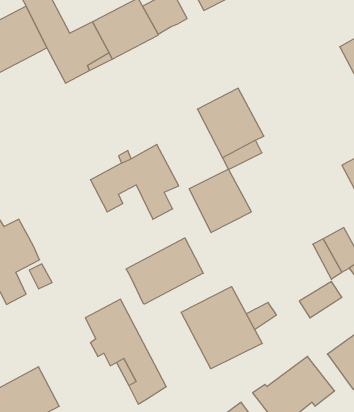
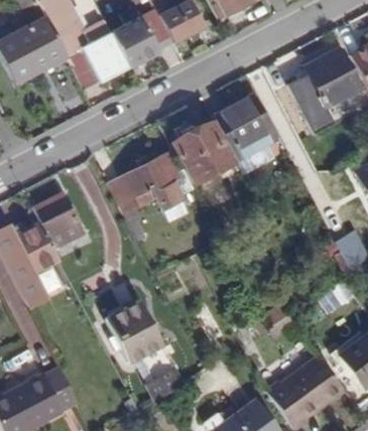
building: none -> [287,48,358,134]
building: [189,169,251,233] -> [173,123,234,184]
building: none -> [32,192,85,249]
building: [126,238,203,304] -> none
building: [181,287,262,369] -> none

